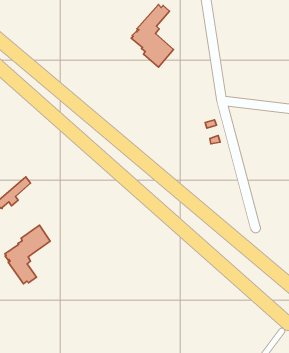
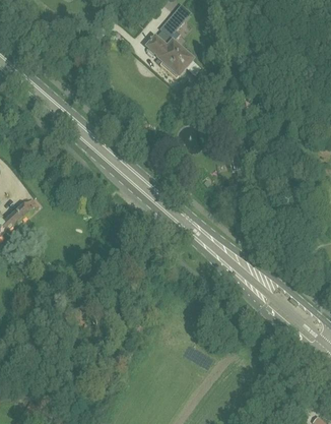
building: [5,225,50,284] -> none

